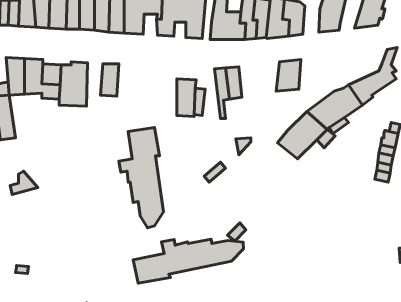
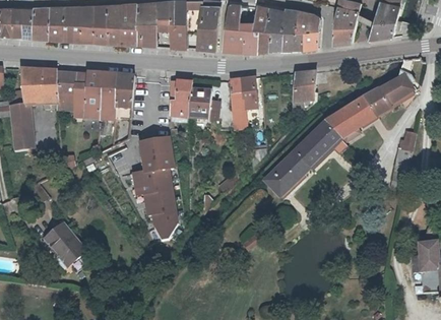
building: none -> [99,73,116,144]
building: none -> [170,80,190,114]
building: none -> [266,153,311,197]
building: none -> [45,223,85,264]
building: [133,239,244,283] -> none

